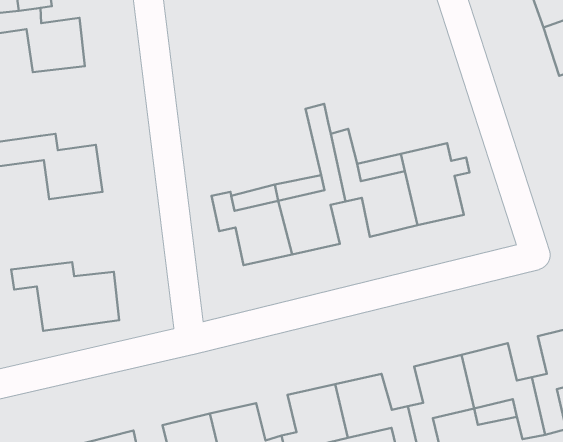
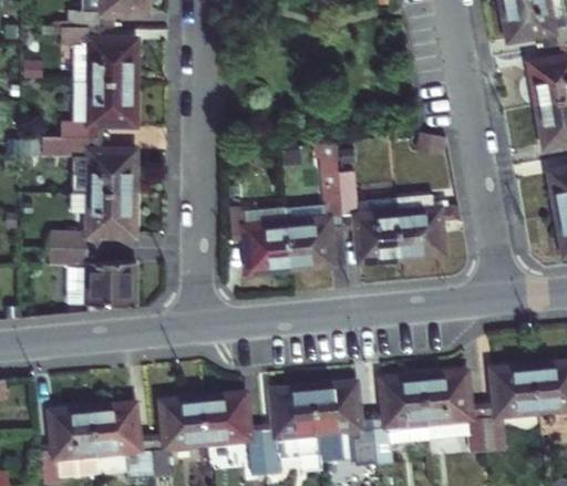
building: none -> [90,82,136,137]
building: none -> [49,193,136,249]

